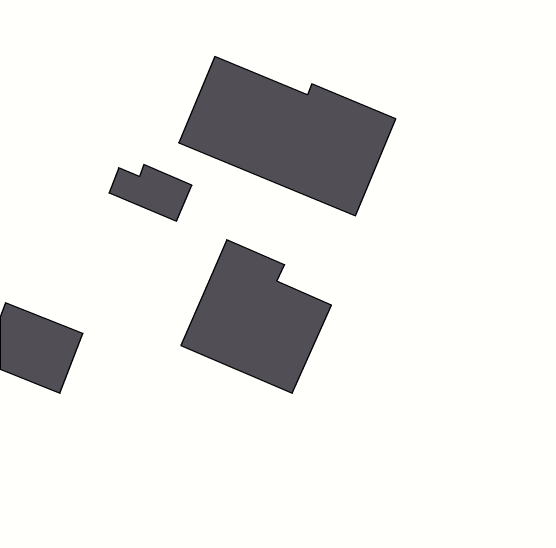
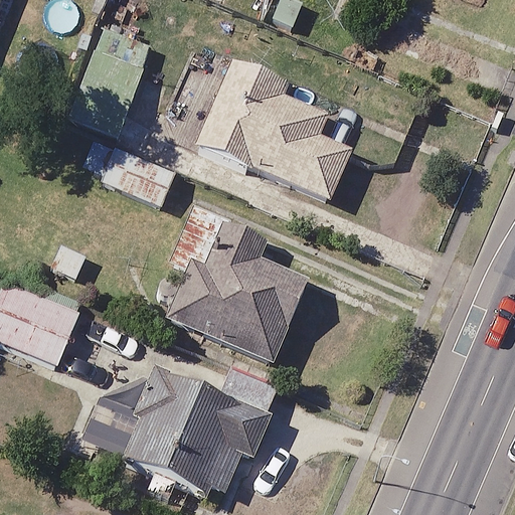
building: none -> [70,50,143,135]
building: none -> [76,345,270,500]

